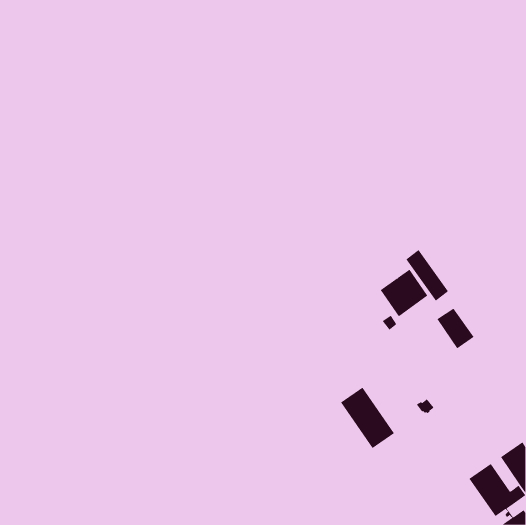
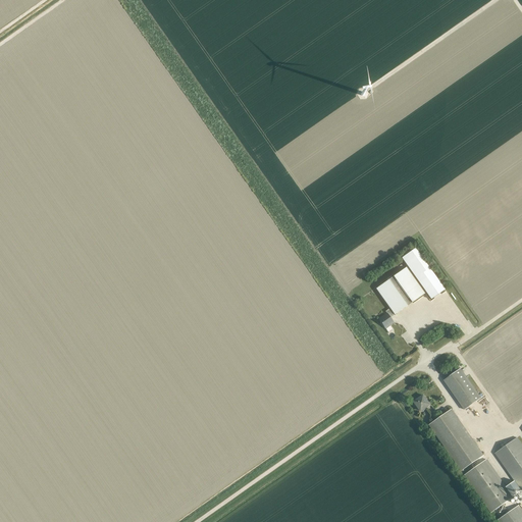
building: [436,308,474,349] -> [443,368,481,409]
building: [340,387,395,449] -> [429,409,483,470]

